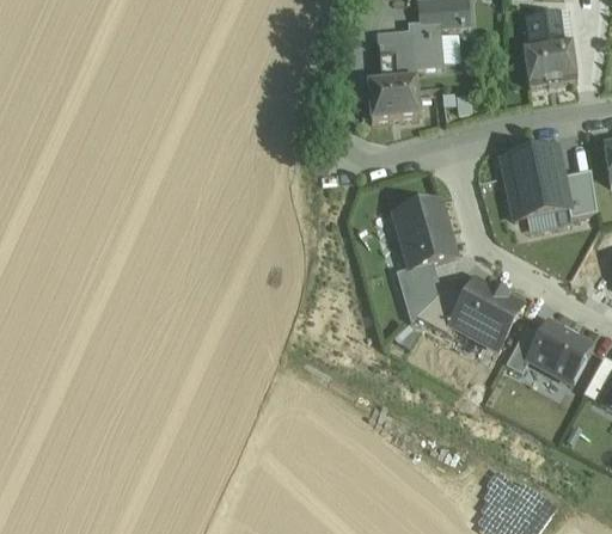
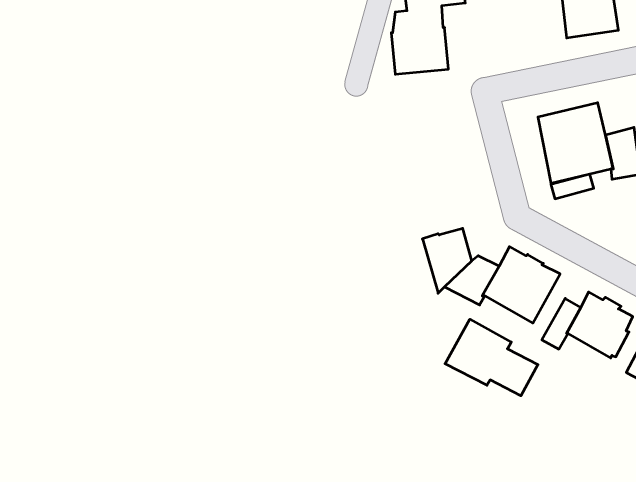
building: [394,201,455,269] -> none
building: none -> [445,319,538,396]

